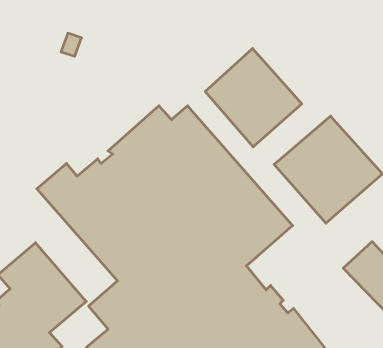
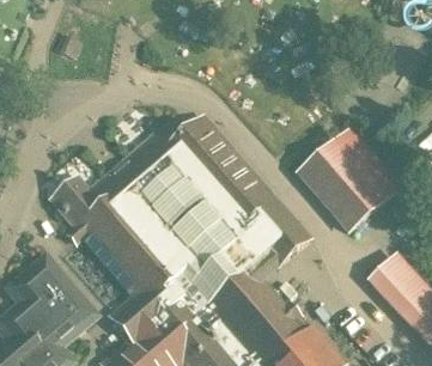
building: [205,48,302,147] -> none

